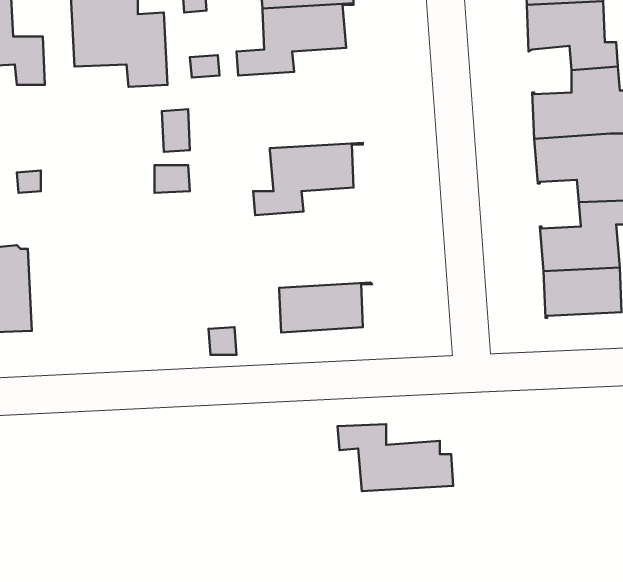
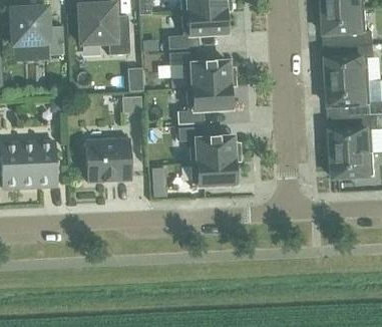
building: none -> [167,50,235,87]
building: none -> [84,137,130,182]
building: [338,424,453,491] -> [176,126,239,162]

